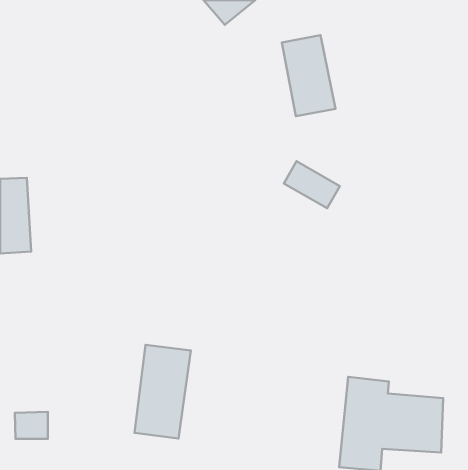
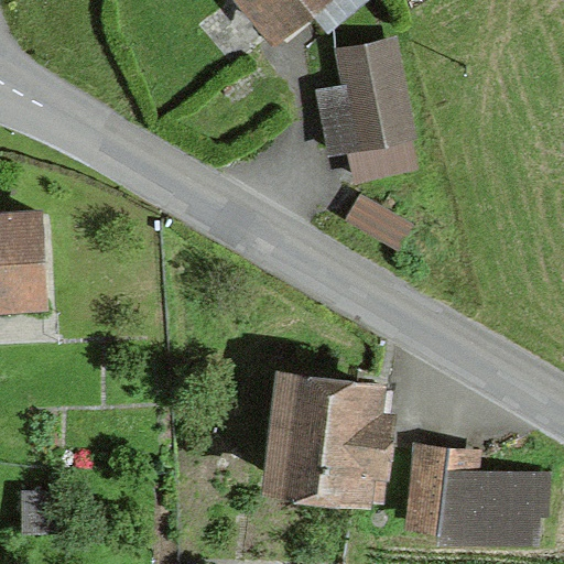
building: none -> [271,378,388,490]
building: [134,345,191,439] -> none

